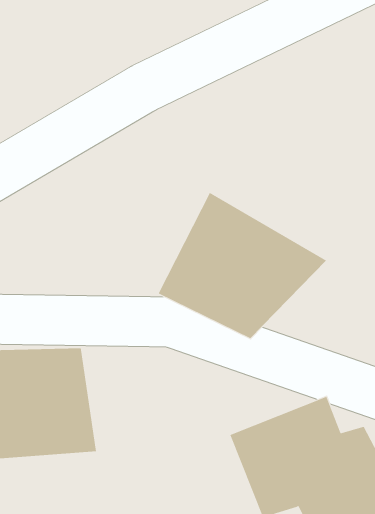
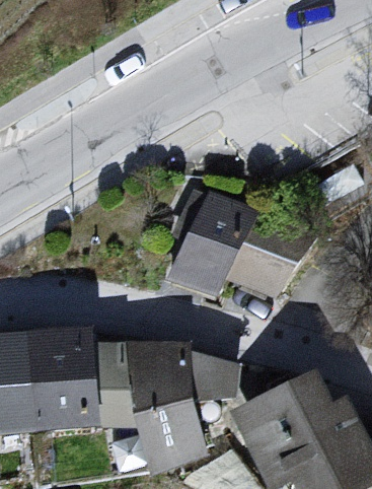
building: none -> [129,330,244,475]

